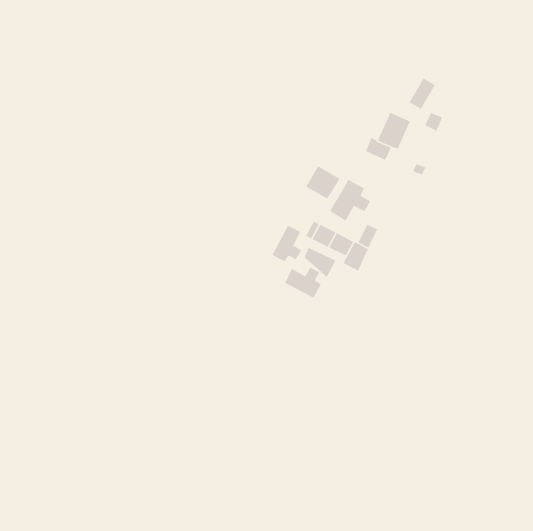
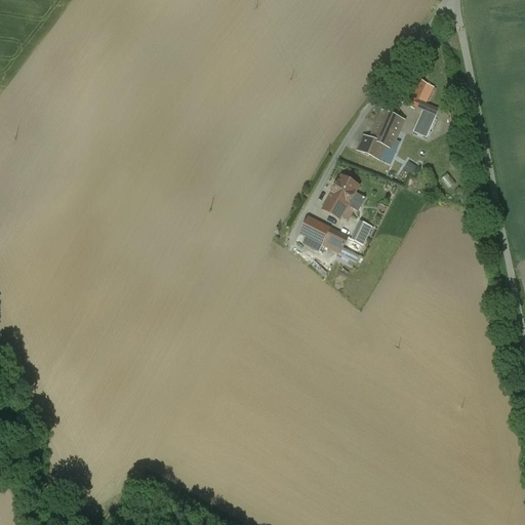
building: [305,165,340,200] -> none
building: [271,225,302,262] -> none
building: [284,266,322,299] -> none

